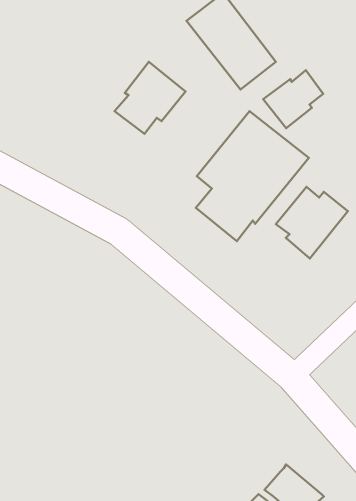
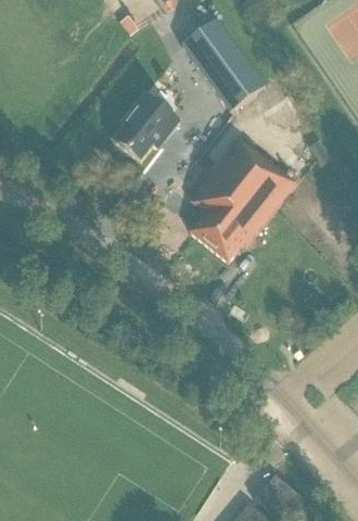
building: [263,70,323,128] -> none
building: [276,187,348,258] -> none

